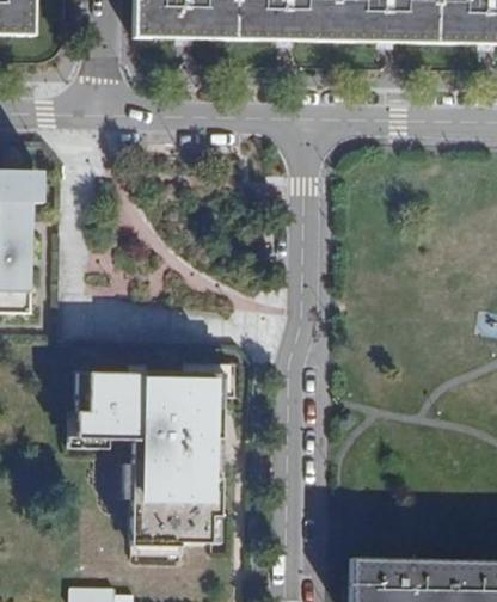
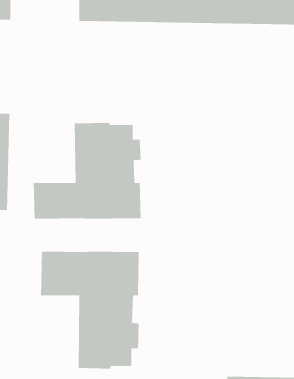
building: none -> [33,122,142,219]

